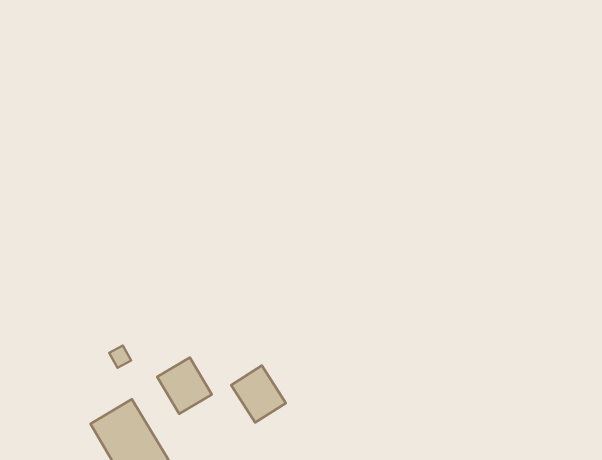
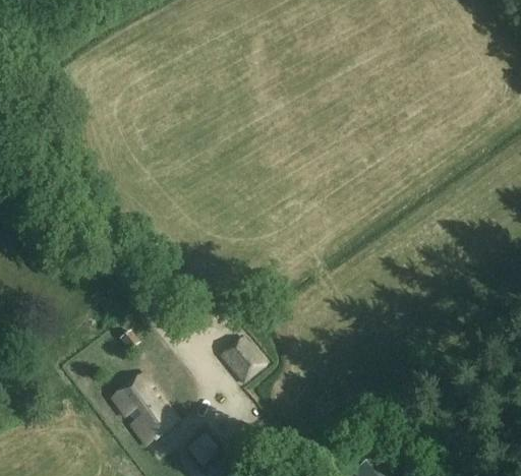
building: [157,357,212,414] -> none

